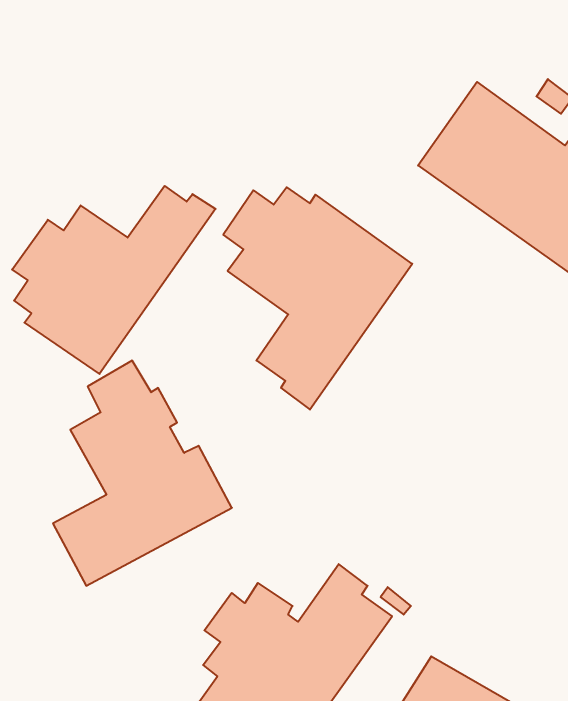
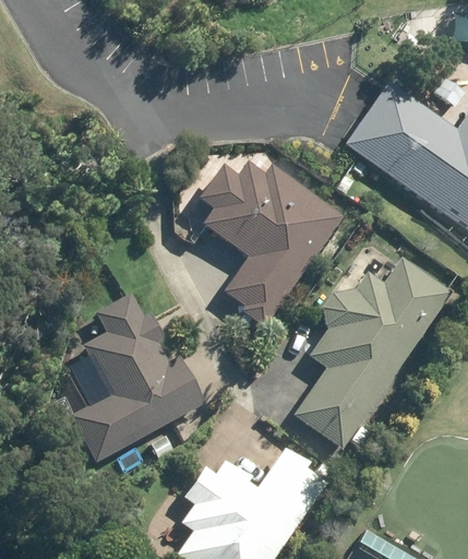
building: [12,186,216,374] -> none
building: none -> [292,258,452,450]

